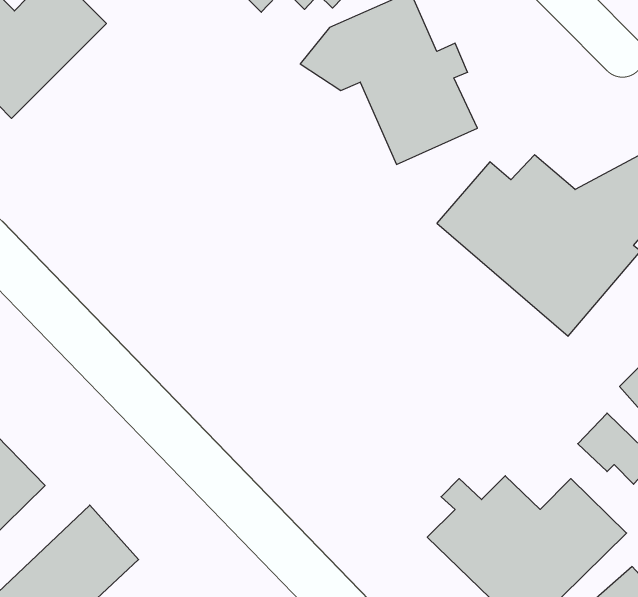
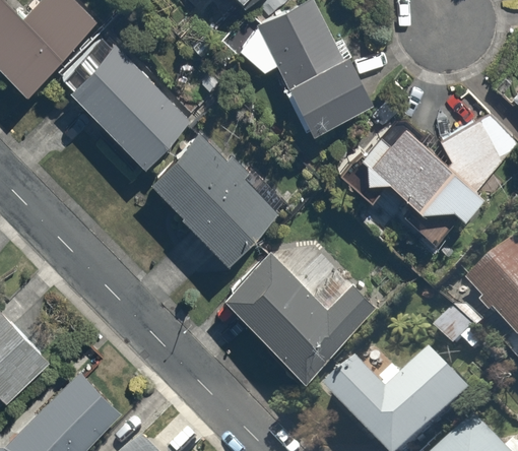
building: none -> [68,45,190,167]
building: none -> [148,124,284,262]
building: none -> [222,249,379,379]

